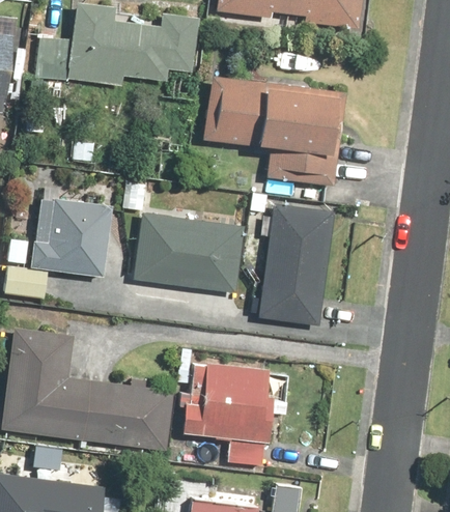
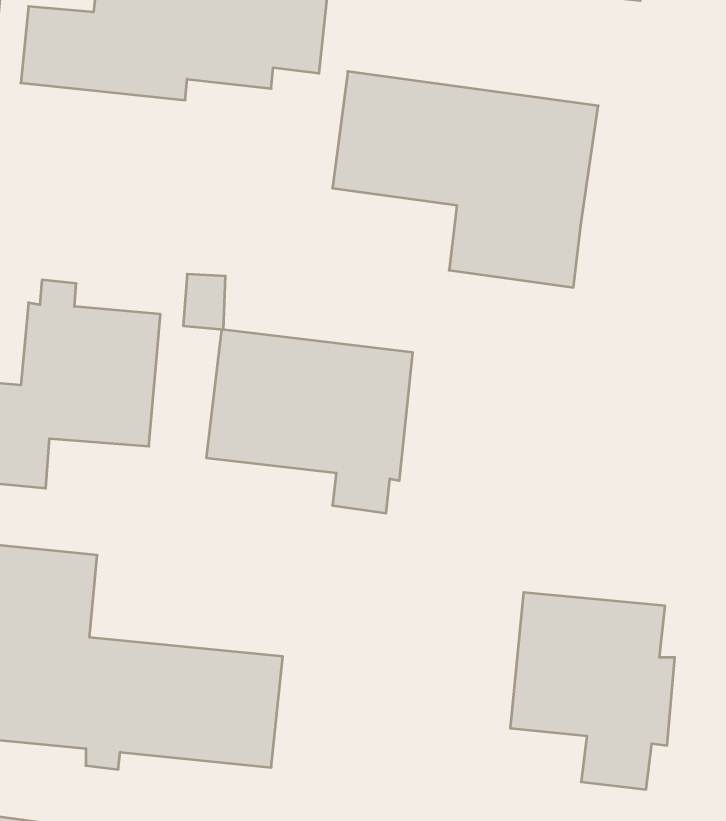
building: [260,205,333,325] -> none
building: [187,361,276,467] -> [510,592,675,789]

